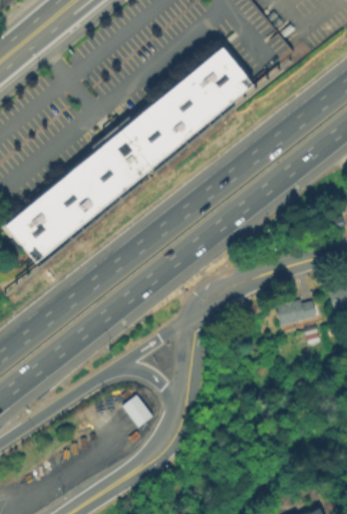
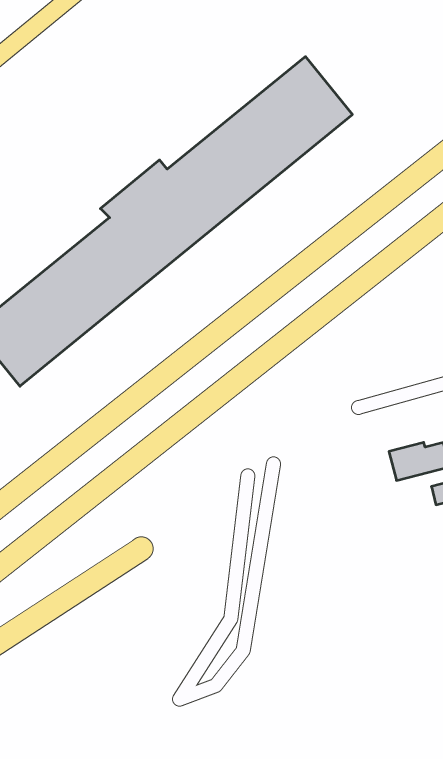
building: [120,396,151,428] -> none

